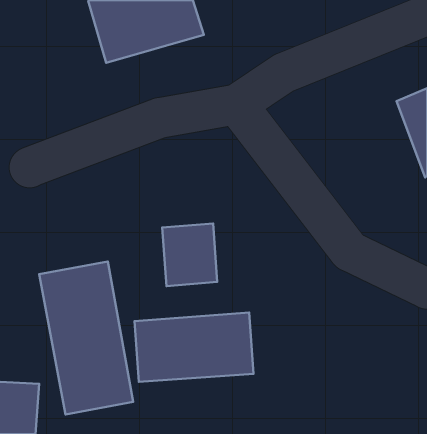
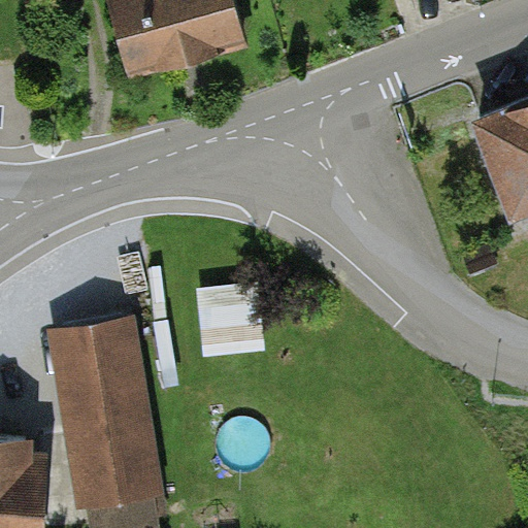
building: [135,313,254,382] -> none

